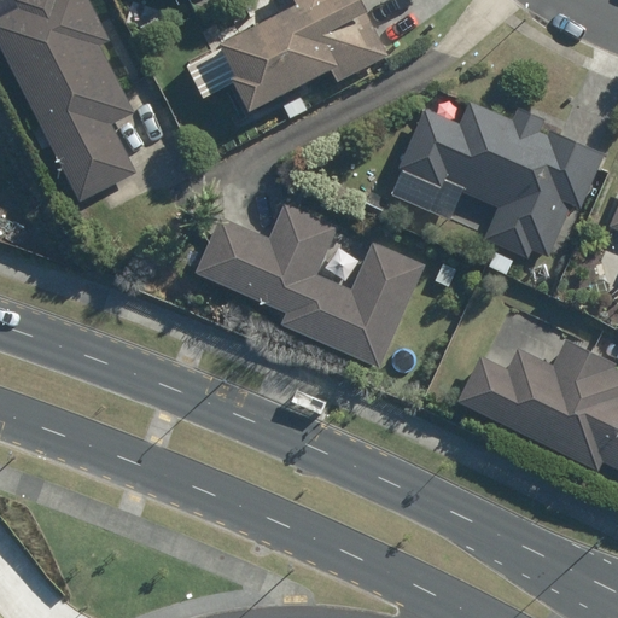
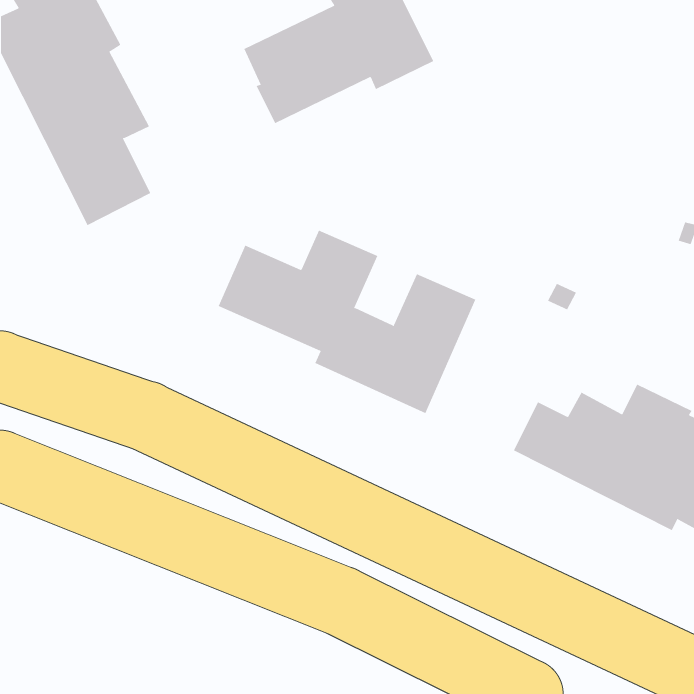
building: [391,101,604,257] -> none

